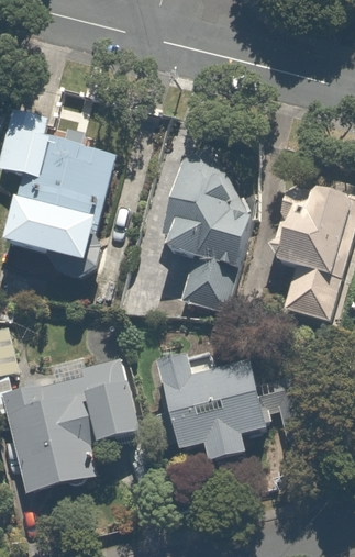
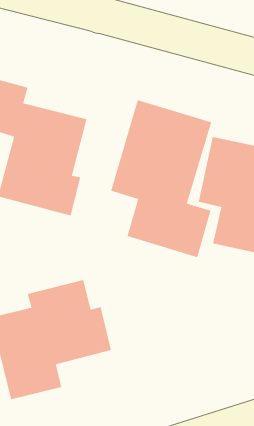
building: [157,349,297,469] -> none

